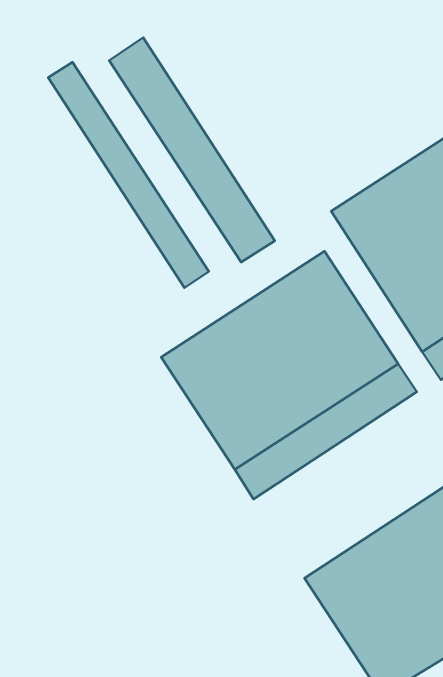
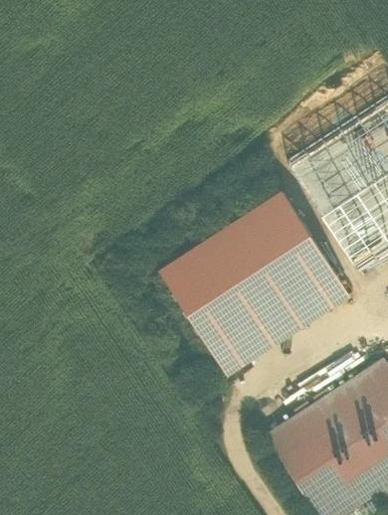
building: [109,38,275,262] -> none
building: [48,62,209,288] -> none

